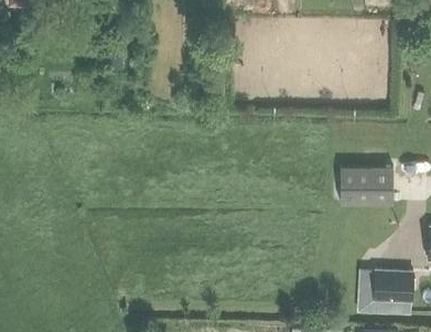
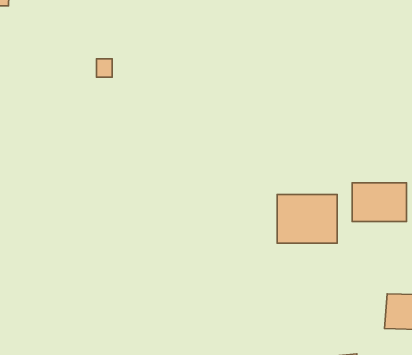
building: none -> [277,195,337,243]

